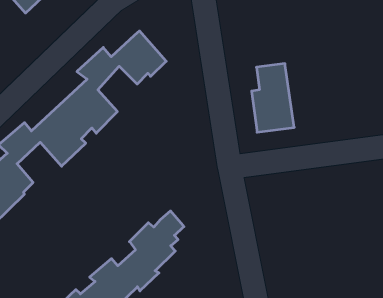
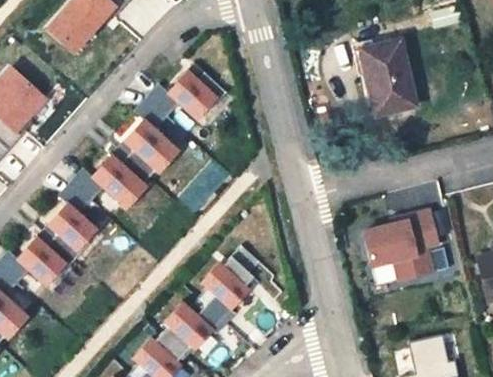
building: [252,64,294,132] -> [369,41,416,114]
building: none -> [361,208,439,282]

